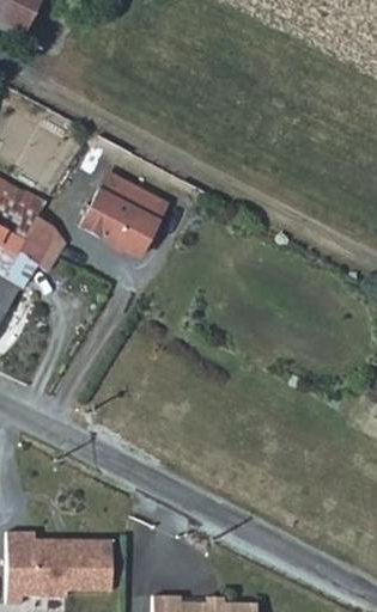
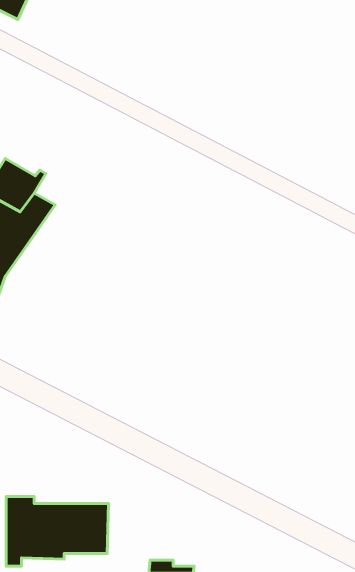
building: [78,172,166,259] -> none

